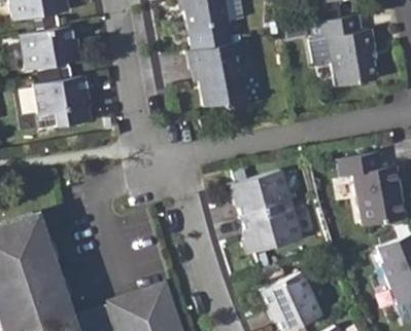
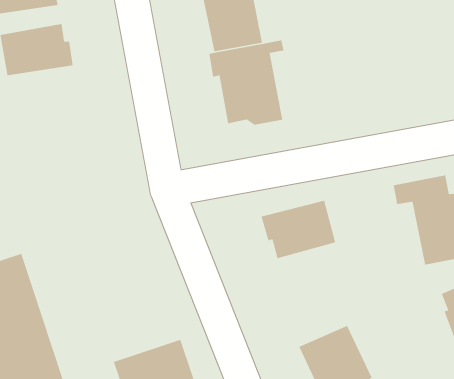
building: [310,14,376,88] -> none
building: [31,76,89,128] -> none
building: [244,206,302,255] -> none

